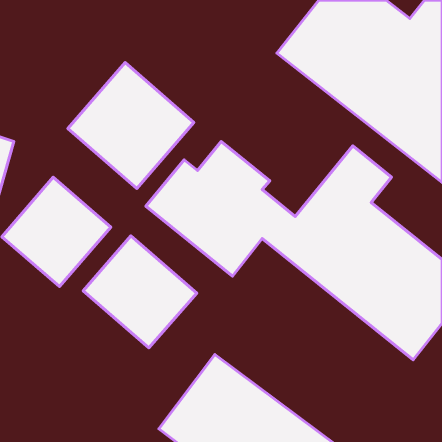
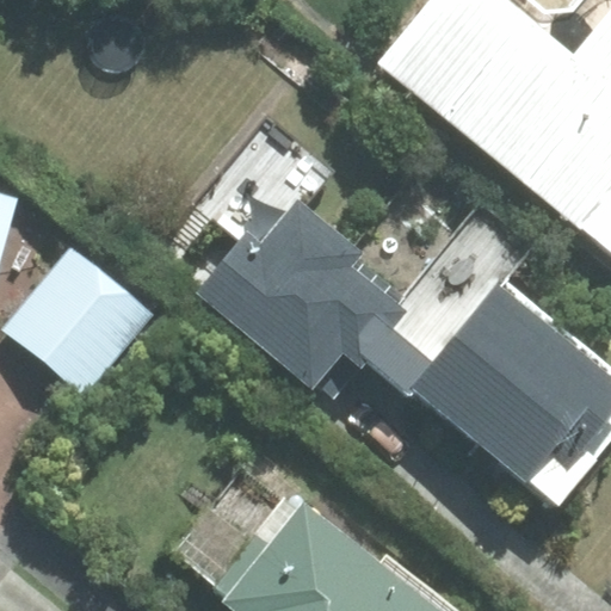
building: [68,63,194,188] -> none
building: [83,236,197,348] -> none

